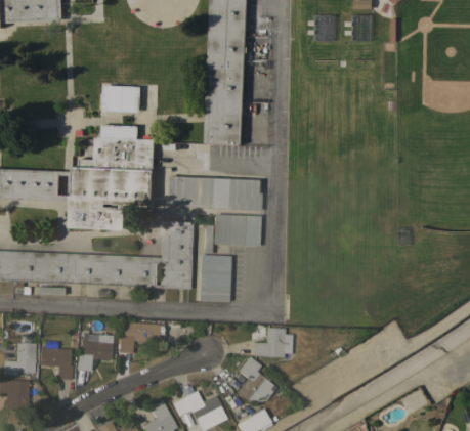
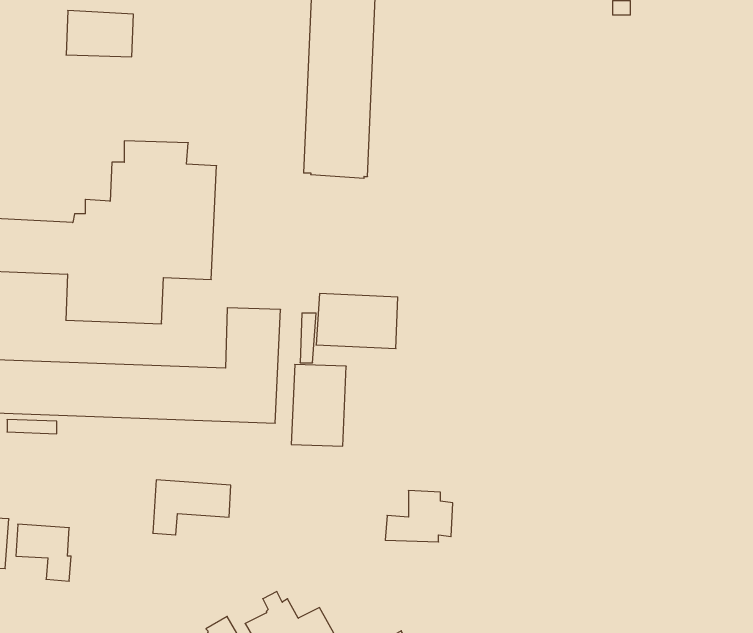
building: [102,85,141,112] -> [66,11,133,57]
building: [168,176,261,210] -> none
building: [76,333,112,371] -> none
building: [236,355,274,403] -> none

